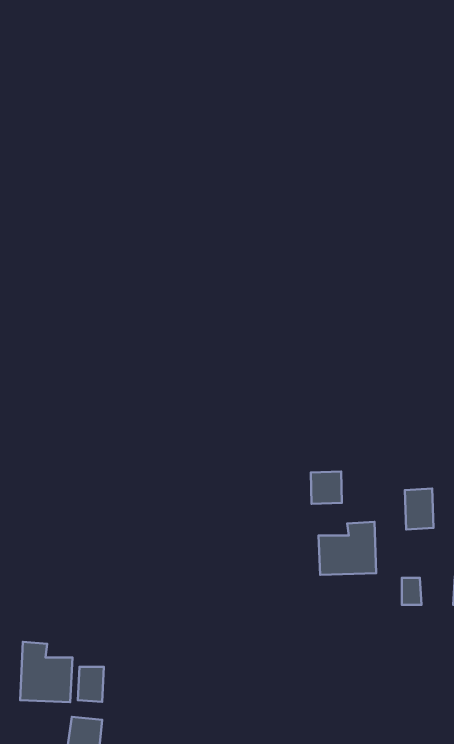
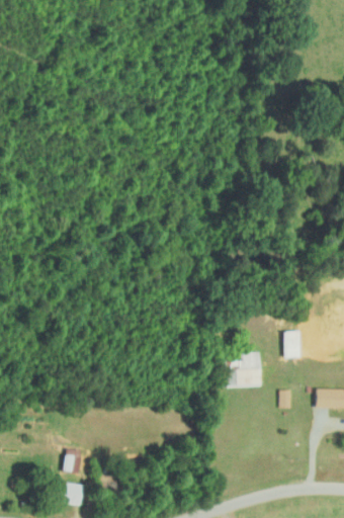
building: [311,472,342,504] -> none
building: [20,642,72,702] -> none

